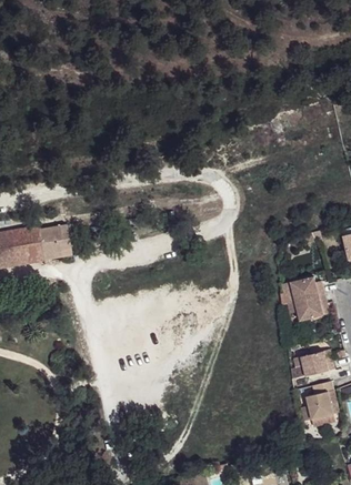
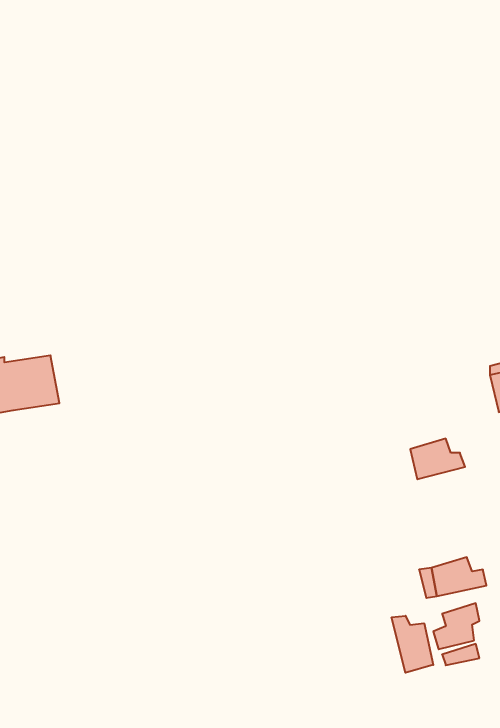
building: [297,294,329,322] -> none
building: none -> [392,616,433,673]

